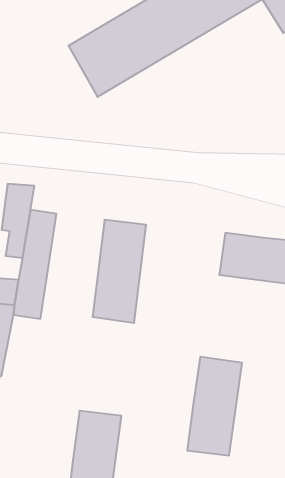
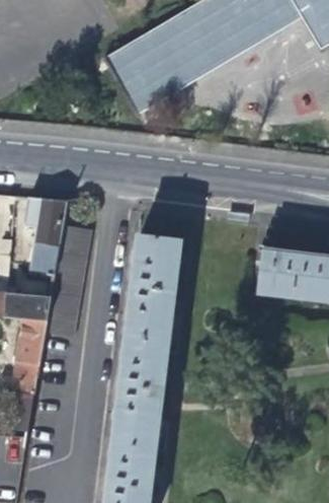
building: [187,357,242,456] -> [113,335,169,435]

